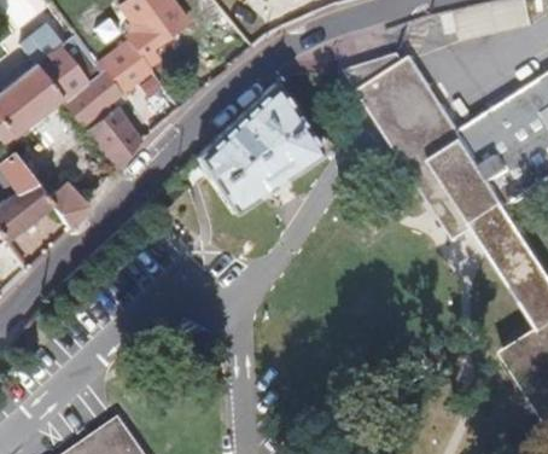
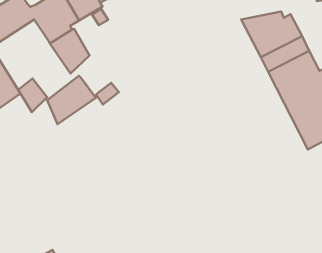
building: [194,81,319,211] -> none
building: none -> [47,76,96,124]

